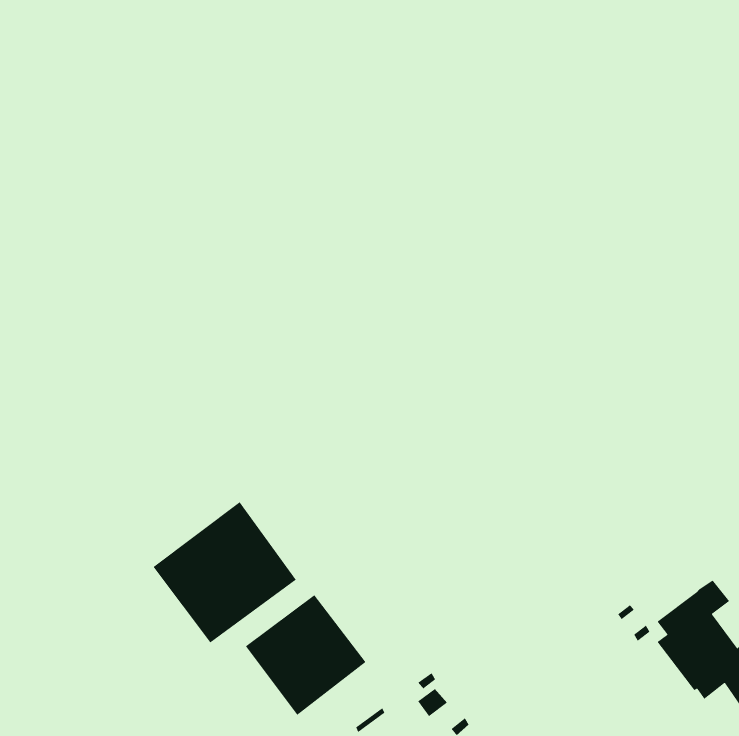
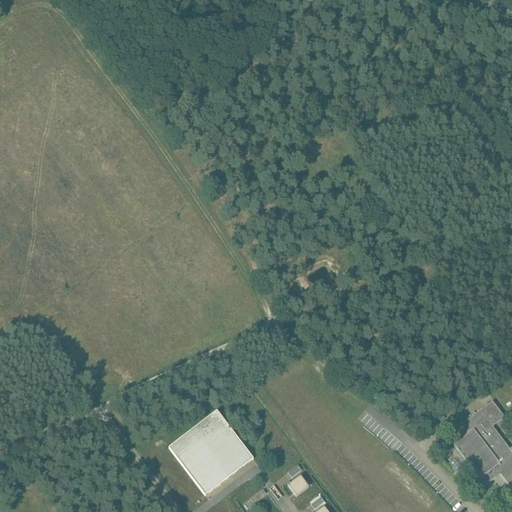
building: [153,501,297,644] -> none

